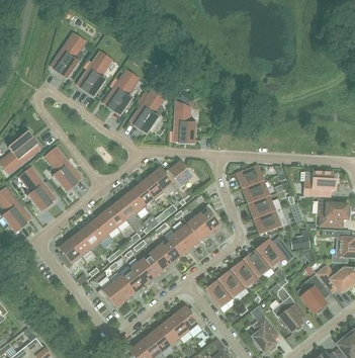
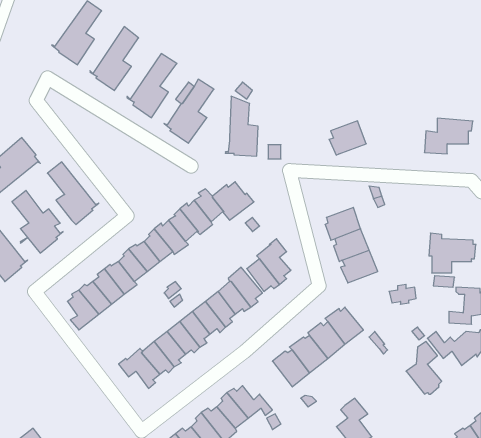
building: [237,164,263,188] -> [329,121,366,155]
building: [303,171,338,196] -> [424,118,473,154]
building: [256,241,283,267] -> none
building: [273,295,303,331] -> none

